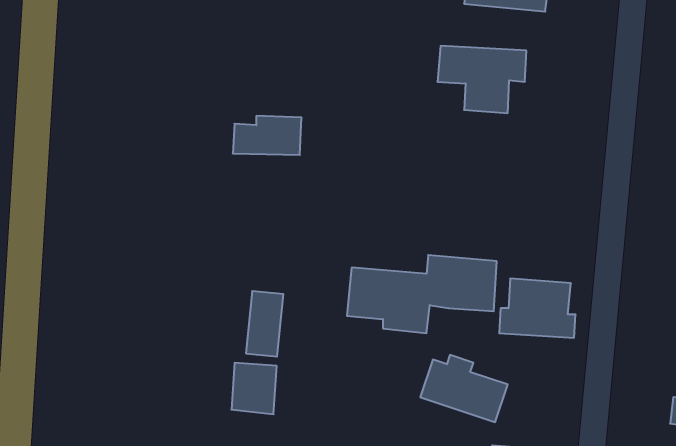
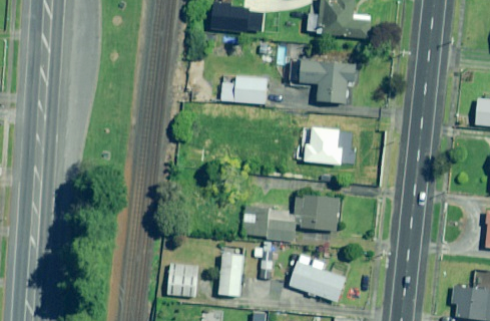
building: [233,116,302,155] -> [221,77,266,102]
building: [499,279,576,338] -> [305,127,354,166]
building: [246,291,283,357] -> [219,254,243,296]

